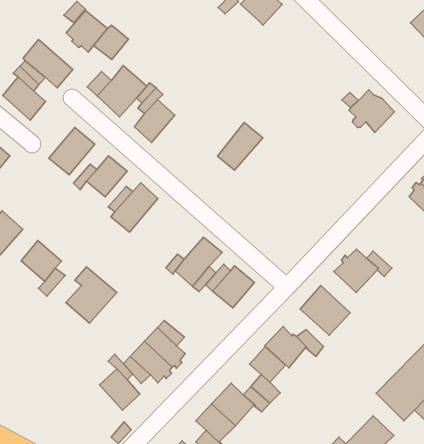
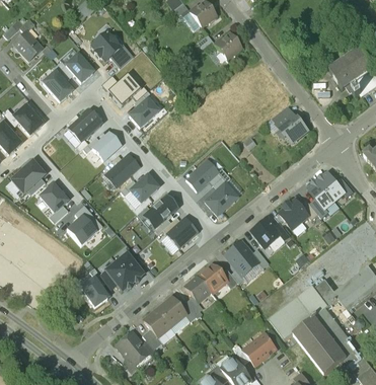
building: [217,122,263,170] -> [186,158,219,189]
building: none -> [205,181,238,214]
building: none -> [130,174,158,202]
building: none -> [280,198,309,227]

